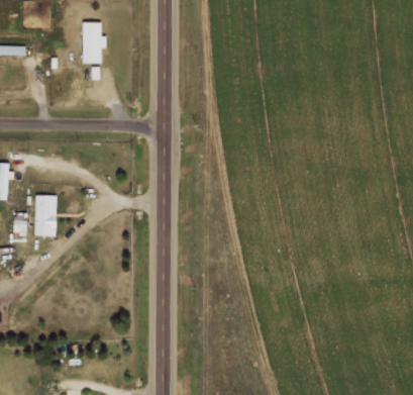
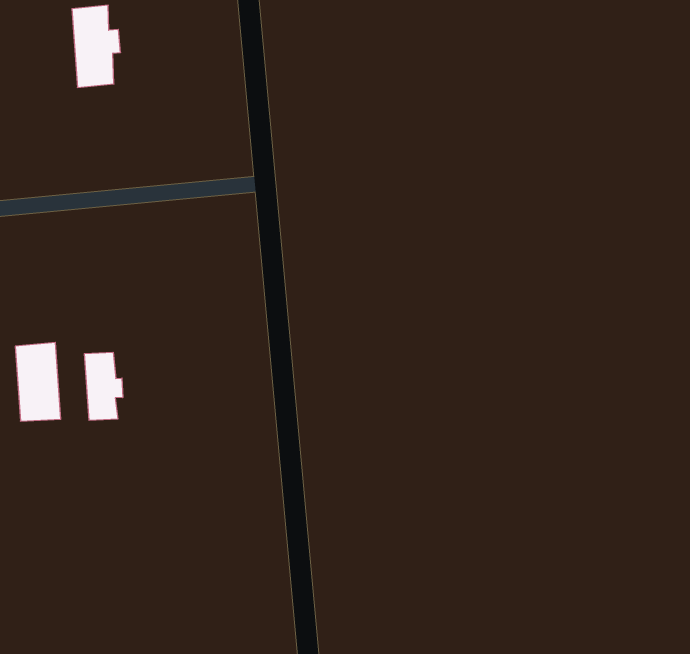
building: none -> [84,352,123,420]

